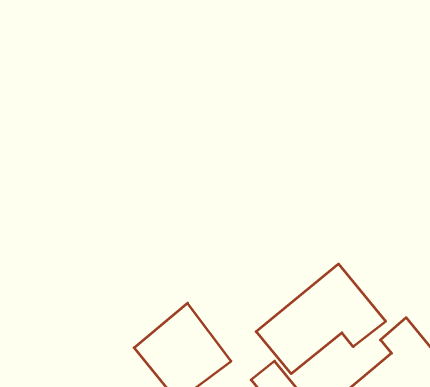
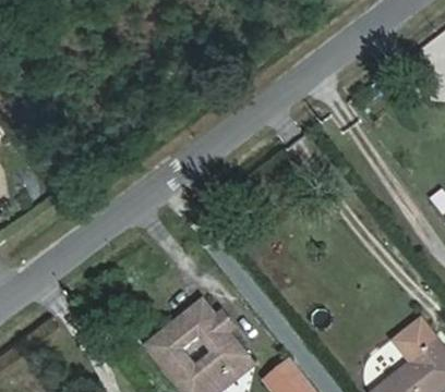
building: [256,264,386,374] -> none

